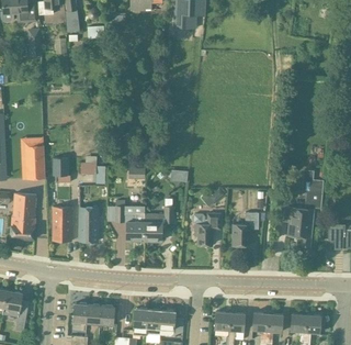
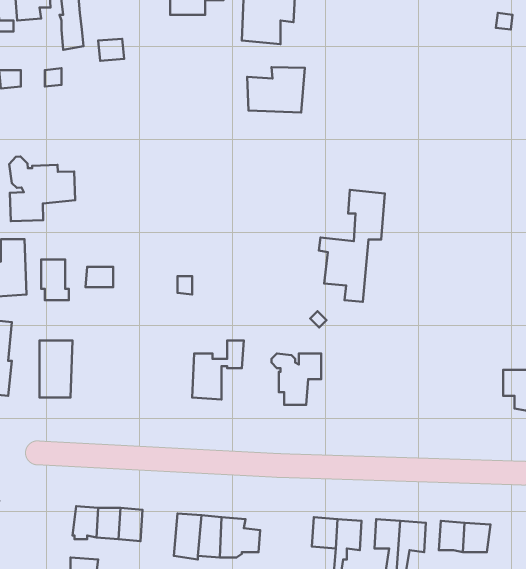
building: none -> [247,67,305,113]
building: none -> [9,157,75,221]
building: [284,178,324,245] -> [319,190,385,302]
building: [115,200,145,240] -> none
building: [79,208,98,241] -> none
building: [233,212,259,247] -> none

